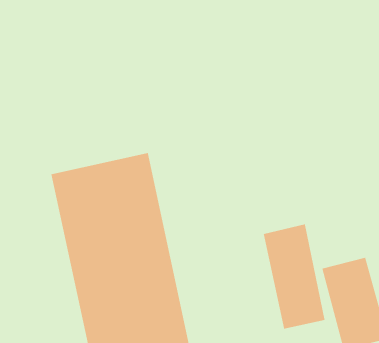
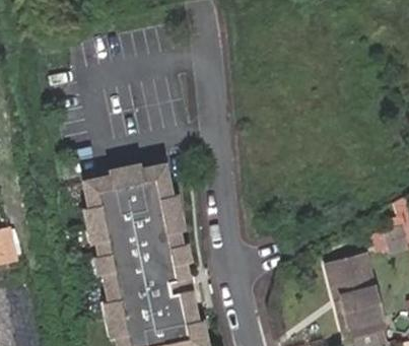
building: [263,224,325,330] -> none

